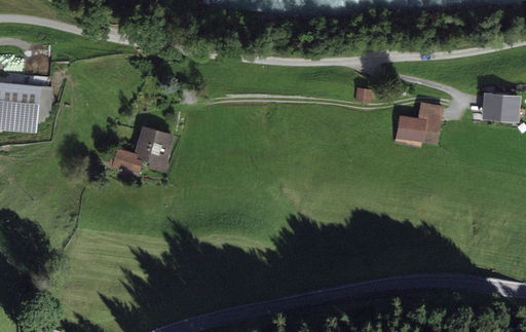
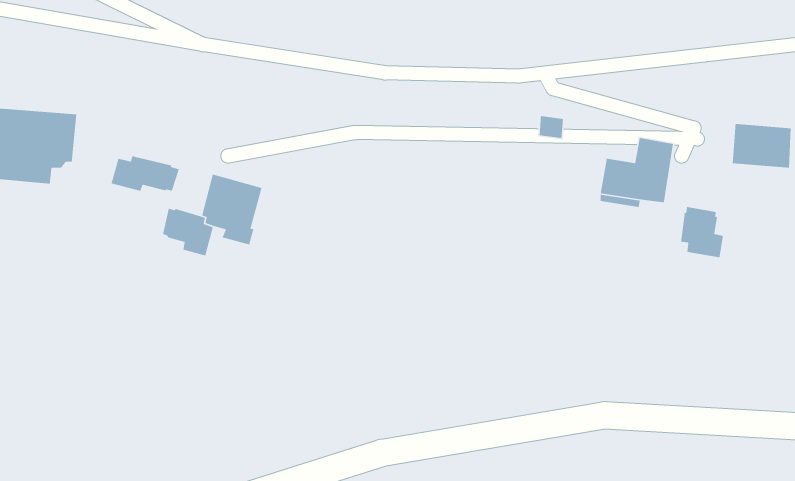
building: none -> [111,155,180,192]
building: none -> [680,206,724,258]

